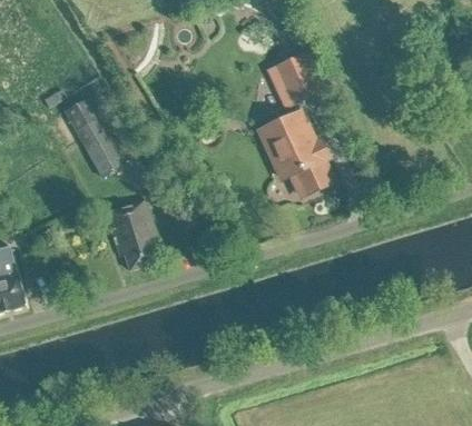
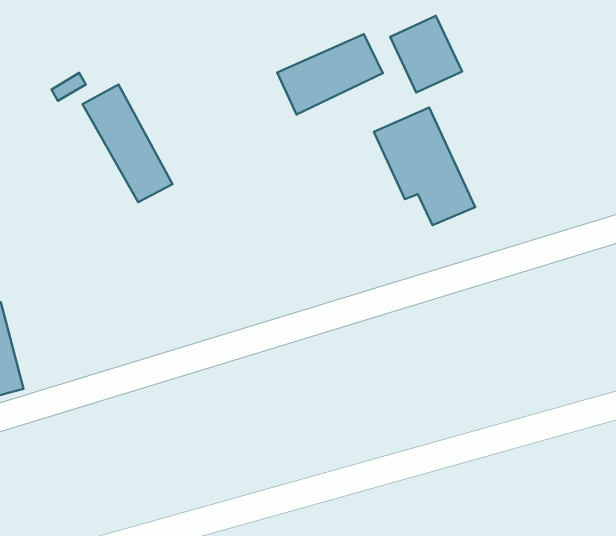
building: none -> [277,34,383,114]
building: [106,199,160,271] -> none

